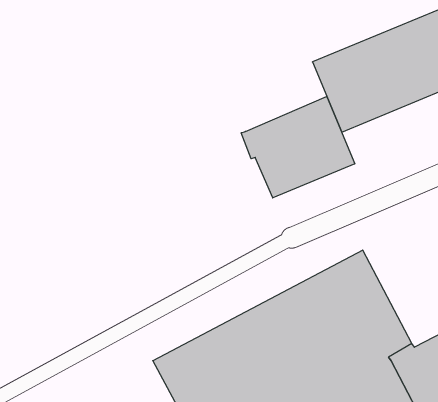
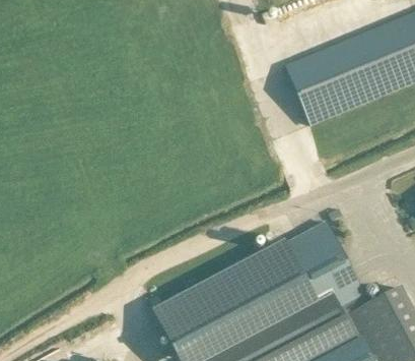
building: [241,97,355,198] -> none

